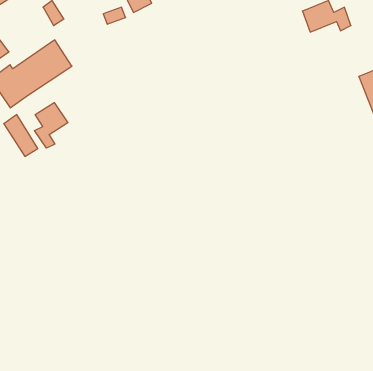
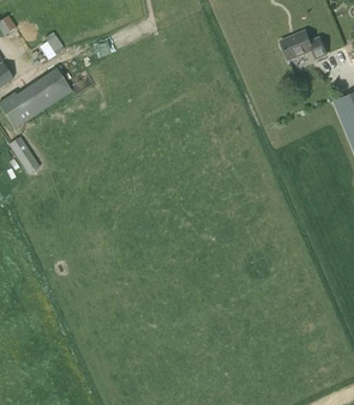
building: [34,103,68,148] -> none

